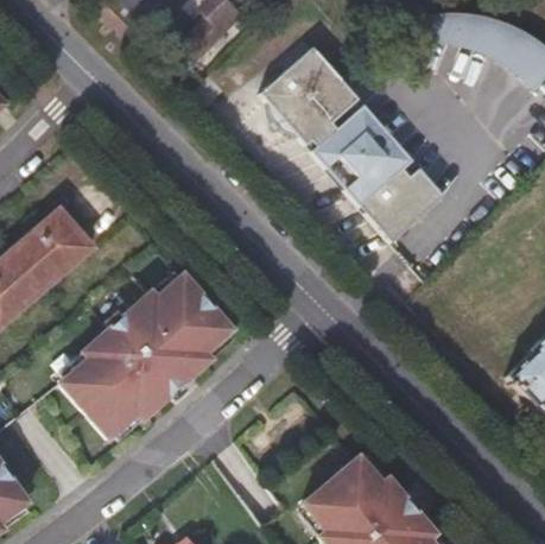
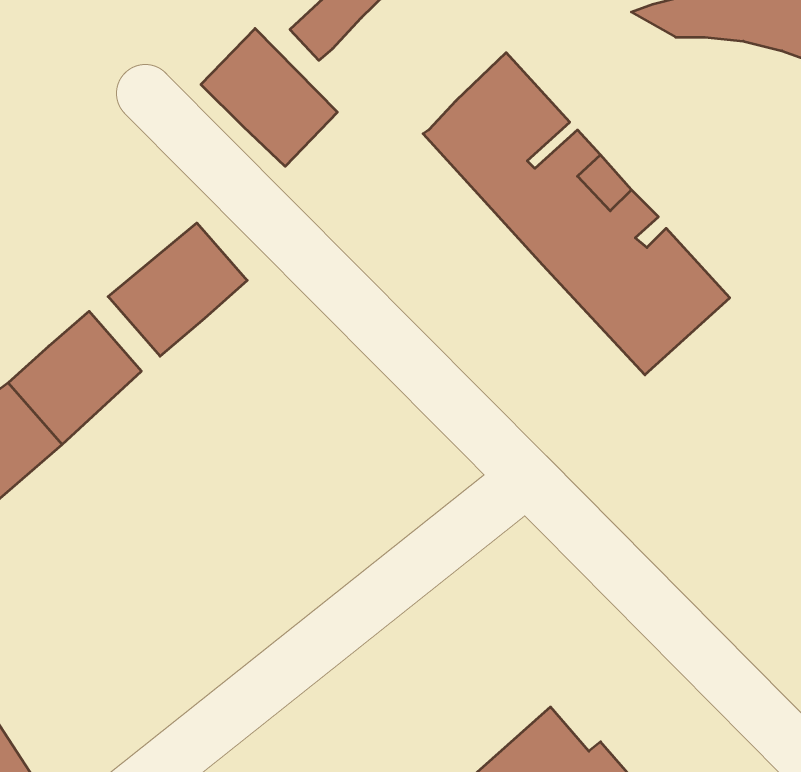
building: none -> [201,28,337,166]
building: none -> [108,223,247,356]
building: [62,273,233,438] -> none

